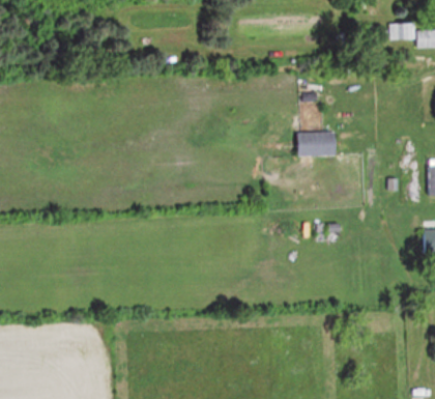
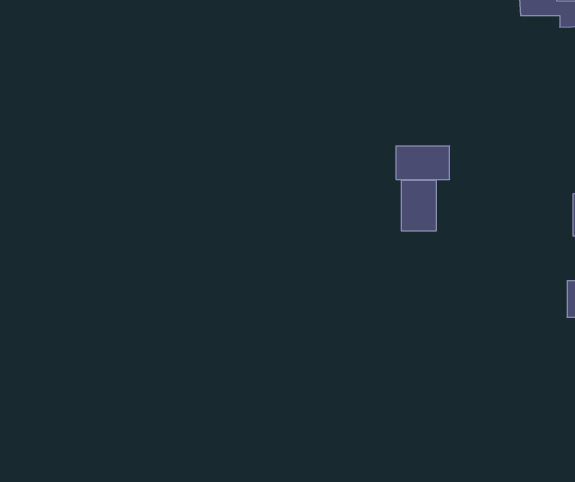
building: none -> [401,180,436,231]

